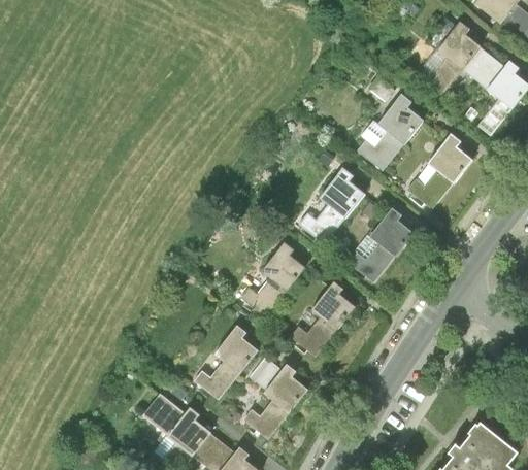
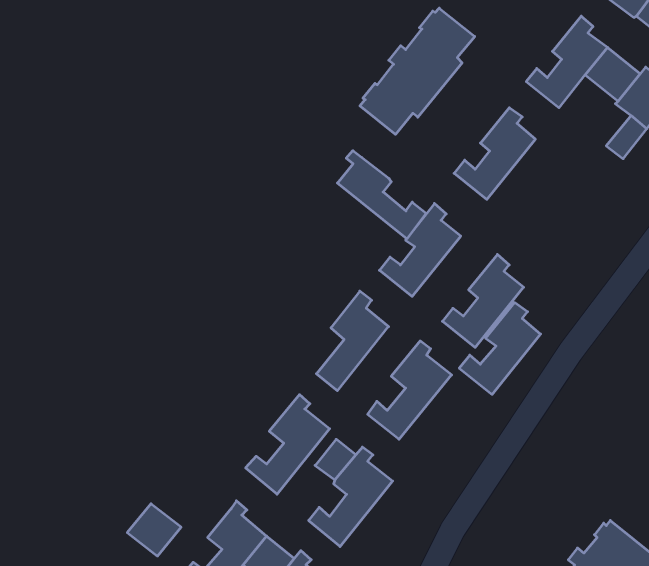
building: none -> [360,8,475,134]
building: none -> [337,151,426,239]
building: [406,136,470,208] -> [459,303,541,394]
building: [140,392,183,433] -> [127,504,181,556]

